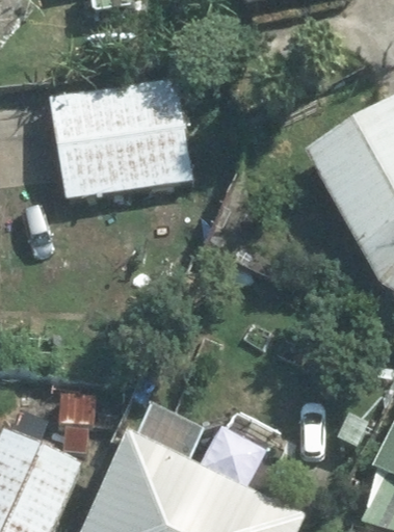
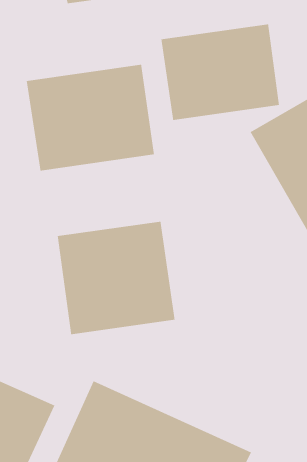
building: none -> [161,24,280,121]
building: none -> [57,221,176,335]

